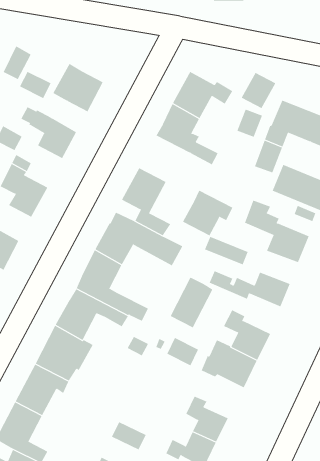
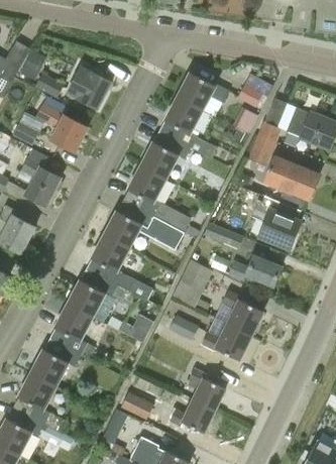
building: [182,190,233,236] -> [143,130,190,172]

